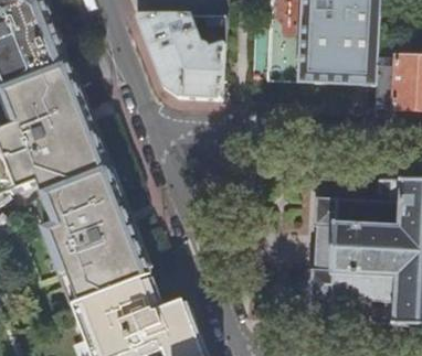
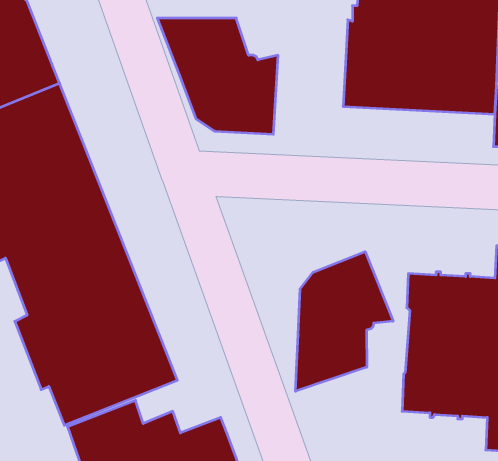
building: none -> [296,252,393,391]

